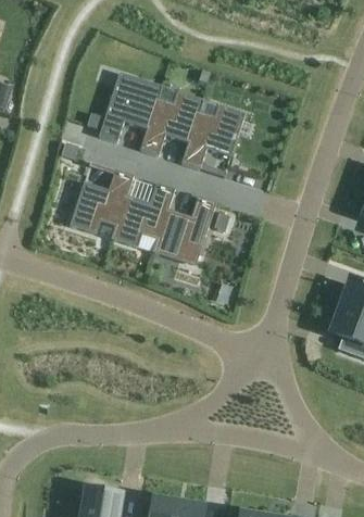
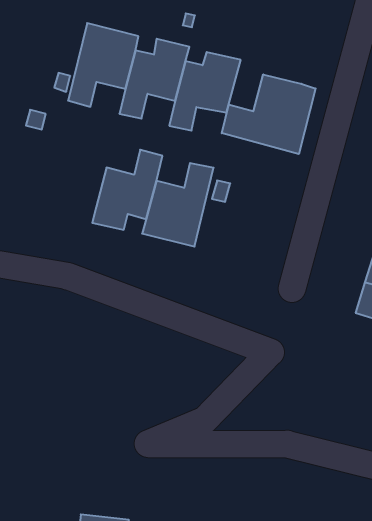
building: none -> [222,74,316,154]
building: [68,169,133,234] -> none

